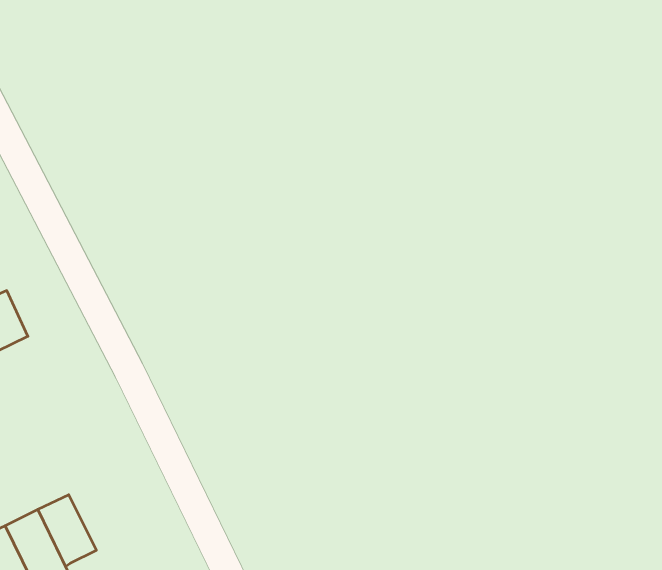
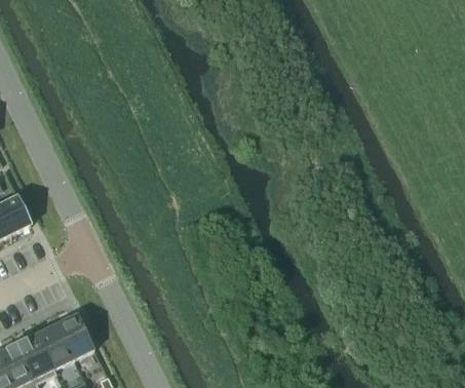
building: none -> [55,314,93,359]

